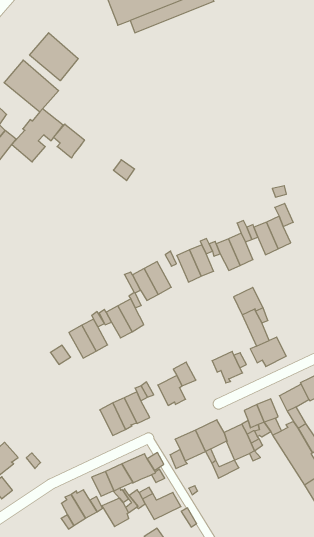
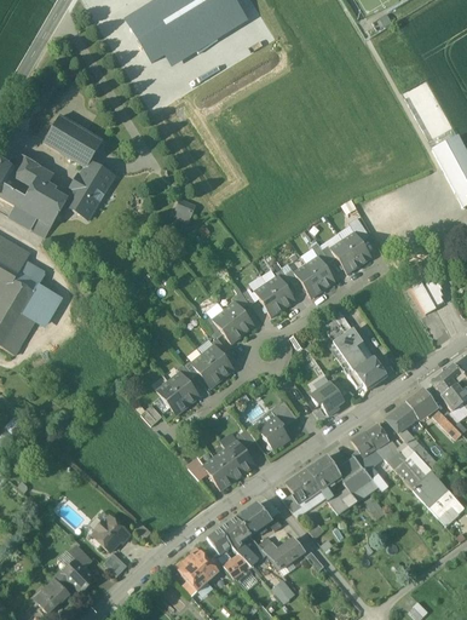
building: [30,33,78,81] -> none
building: [53,124,84,158] -> none

